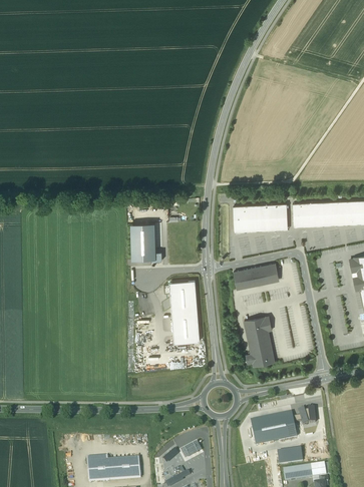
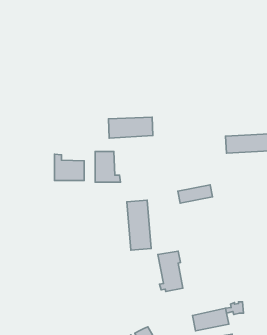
building: [232,203,287,229] -> [108,117,153,138]
building: none -> [54,154,84,181]
building: [243,316,274,366] -> [158,251,183,291]

